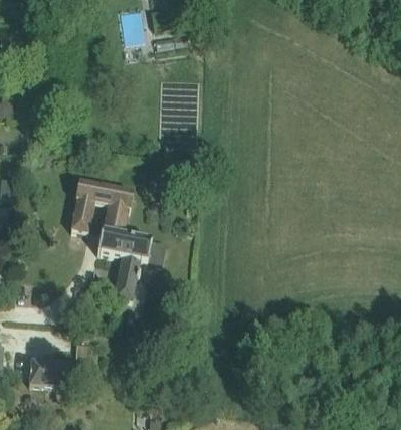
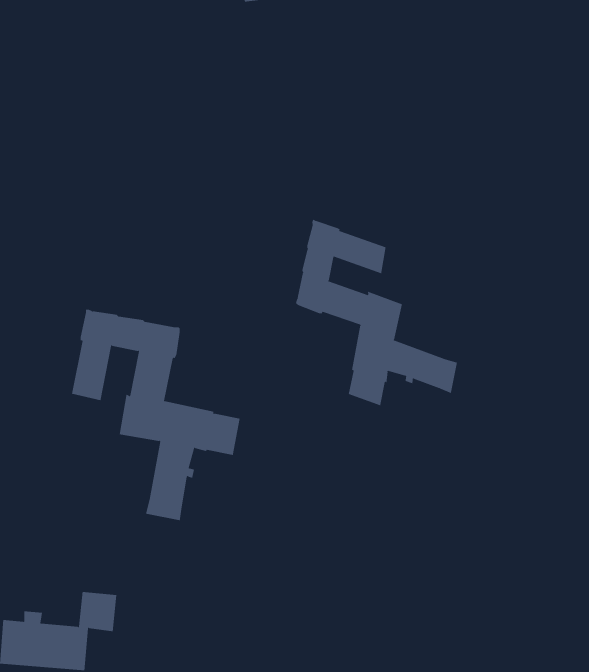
building: none -> [295,219,458,406]

